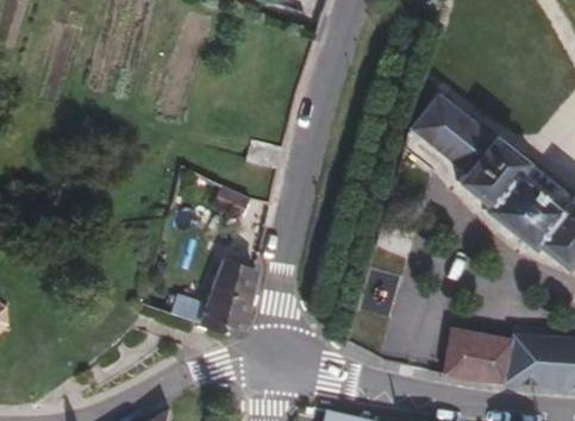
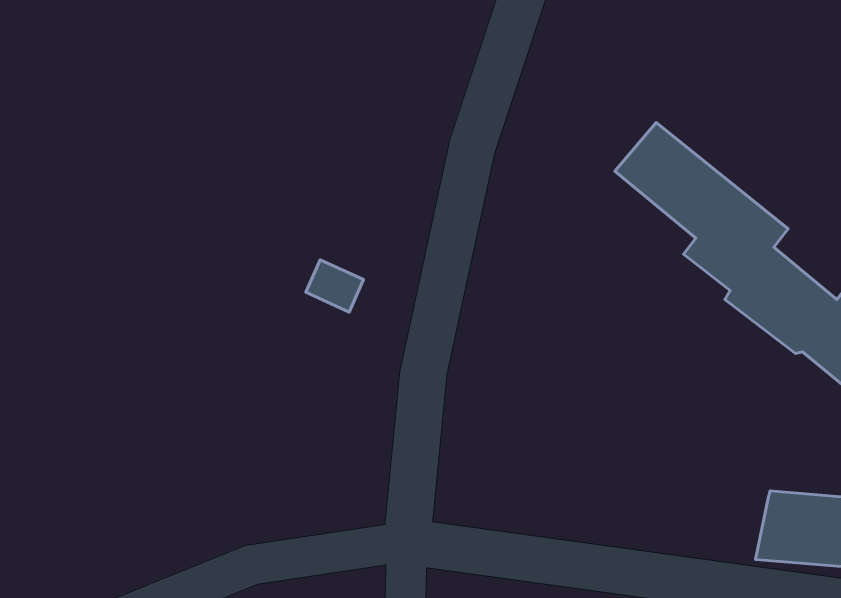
building: [177,260,258,335] -> none
building: [446,327,515,381] -> none

